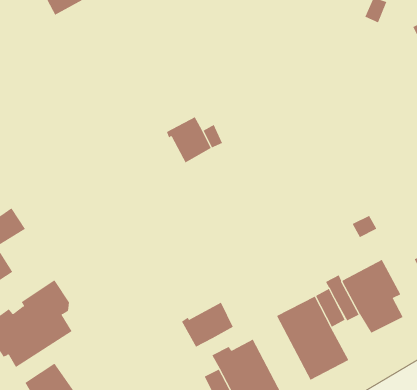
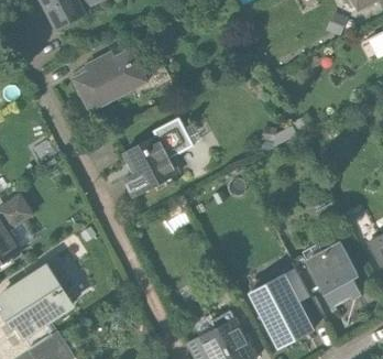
building: none -> [73,48,145,109]
building: none -> [124,134,177,196]
building: [181,302,233,348] -> none

